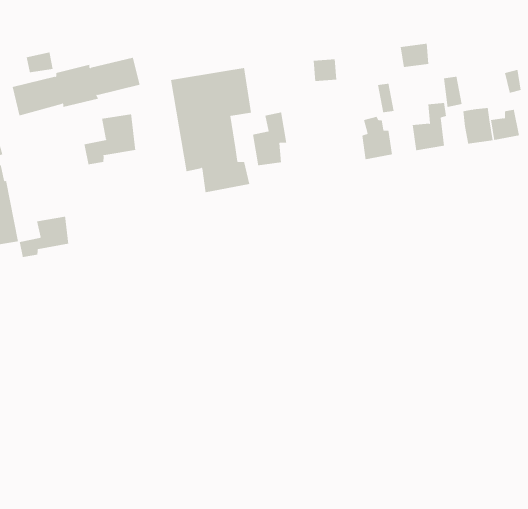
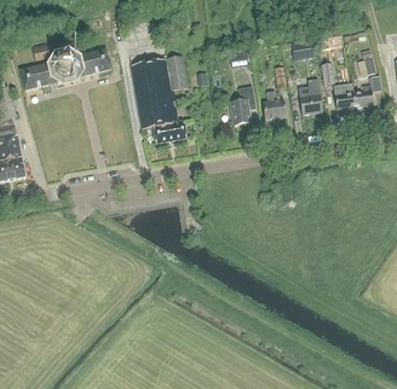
building: [252,112,287,166] -> [230,87,254,124]
building: [84,113,136,165] -> none
building: [19,216,69,258] -> none

